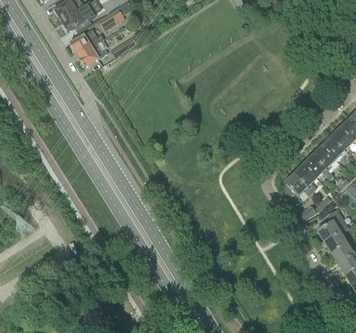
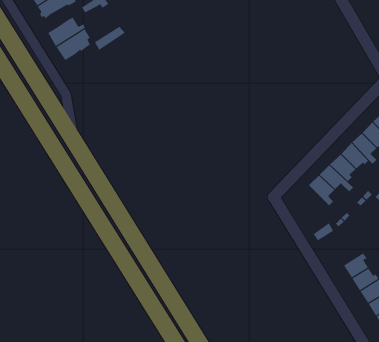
building: [284,172,312,199] -> none
building: [318,207,349,241] -> none

